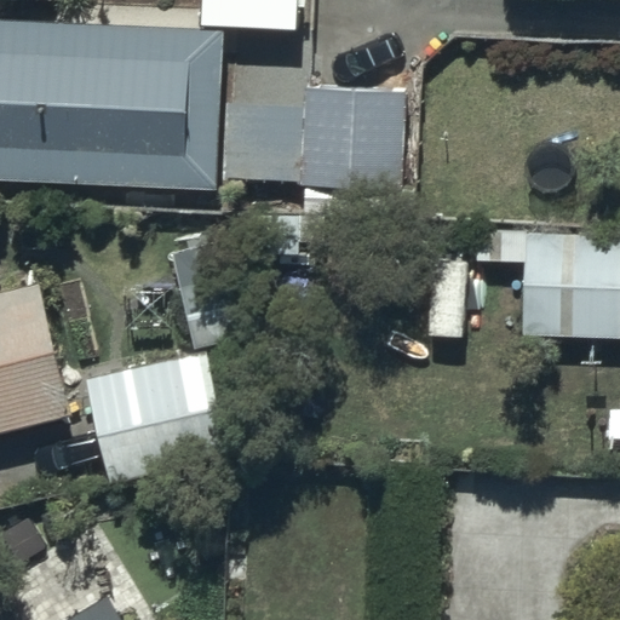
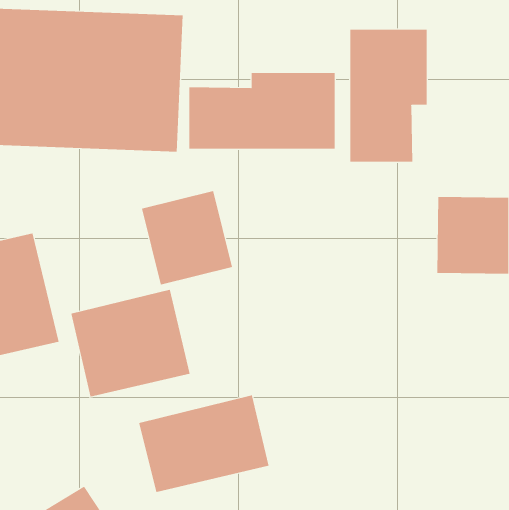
building: none -> [350,29,427,162]
building: none -> [138,395,269,493]

